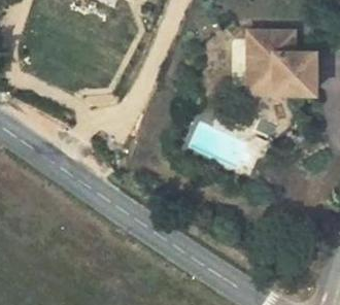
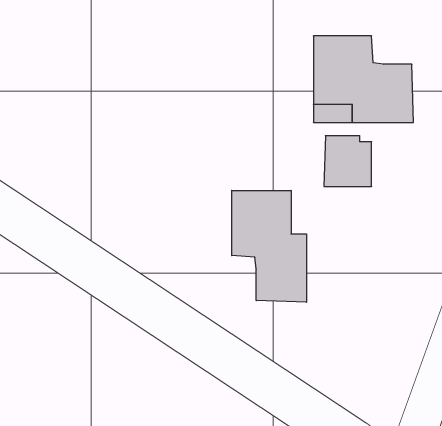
building: none -> [232,190,306,302]

